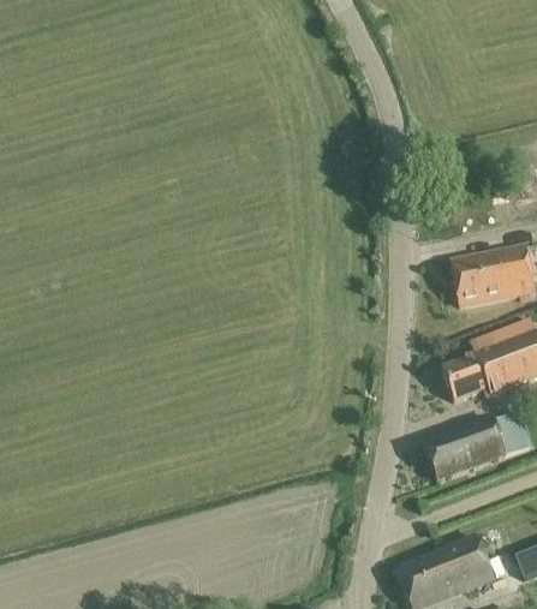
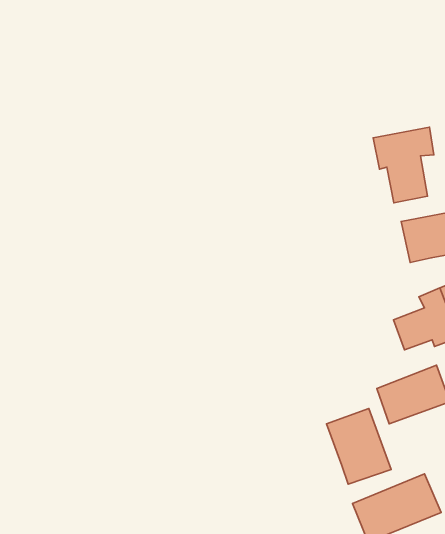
building: none -> [373,127,434,203]
building: none -> [327,409,391,484]

